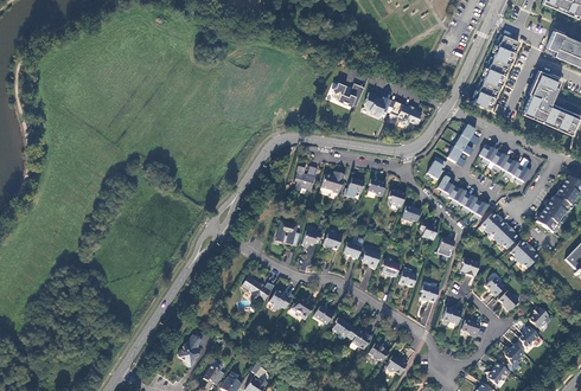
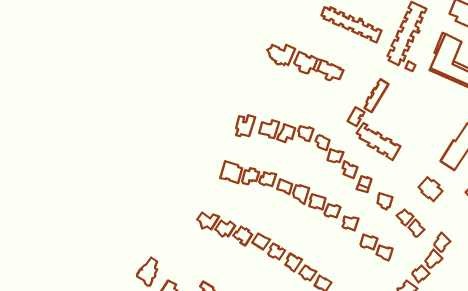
building: none -> [321,7,382,42]
building: [478,143,530,184] -> none
building: [480,212,517,248] -> none

